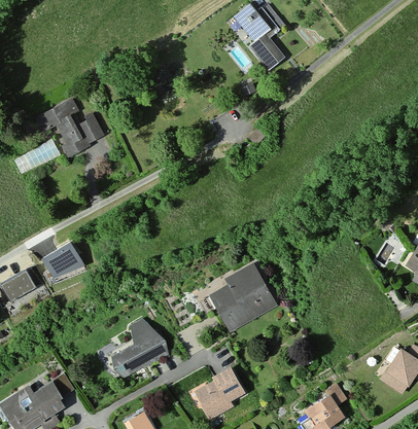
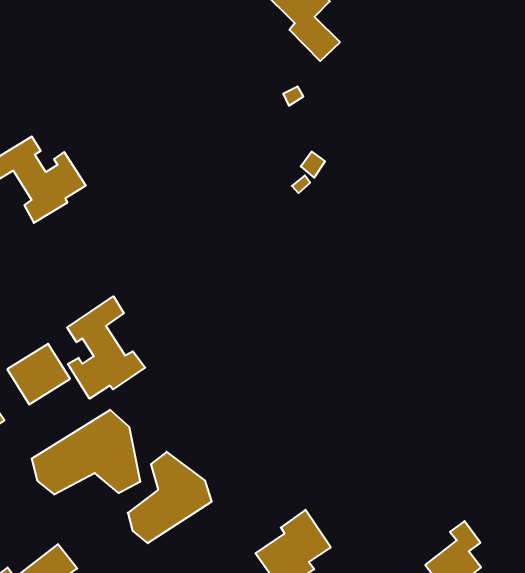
building: none -> [67,296,145,399]
building: [209,263,277,332] -> none
building: none -> [32,410,140,495]

